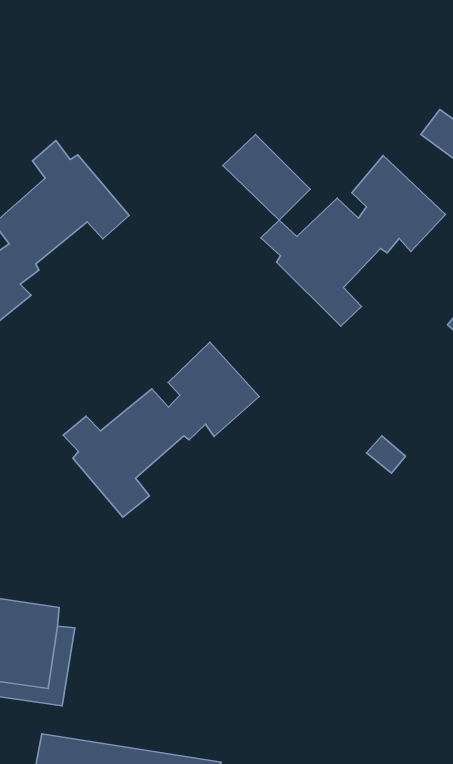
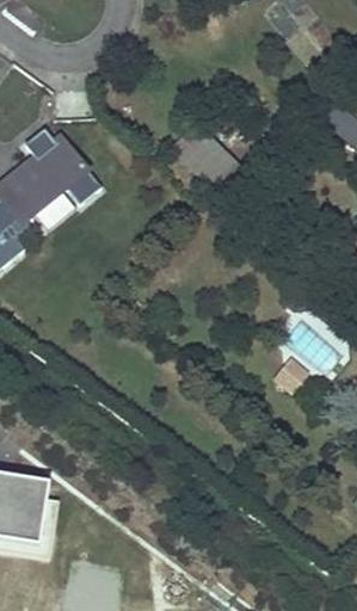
building: [261,155,445,326] -> none
building: [63,342,259,517] -> none

